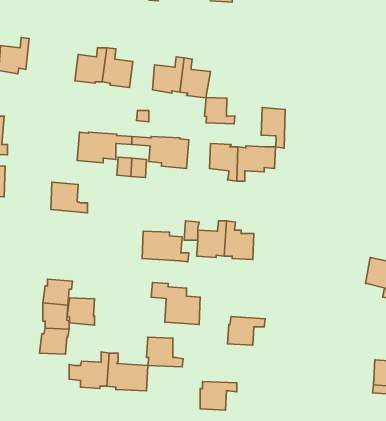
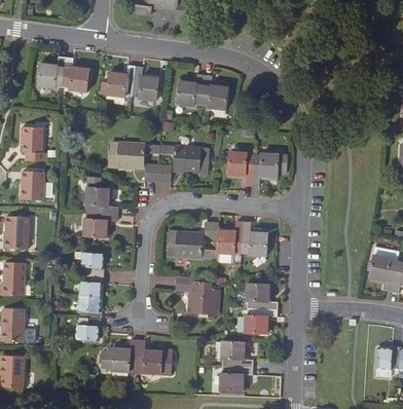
building: none -> [63,57,89,91]
building: [205,98,235,124] -> none
building: [261,107,285,148] -> none
building: none -> [83,211,118,237]
building: none -> [246,283,279,309]
building: [67,298,95,325] -> [80,251,105,275]
building: [147,337,183,367] -> [221,340,254,367]

